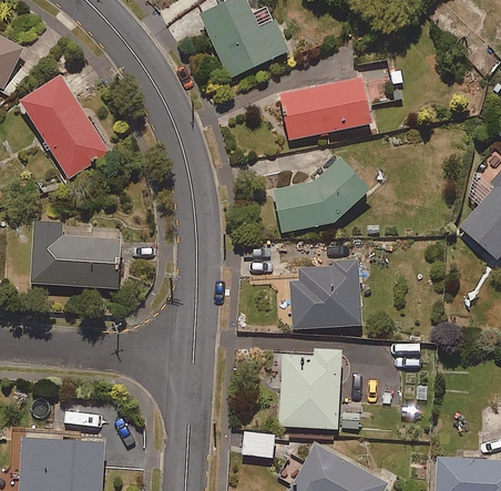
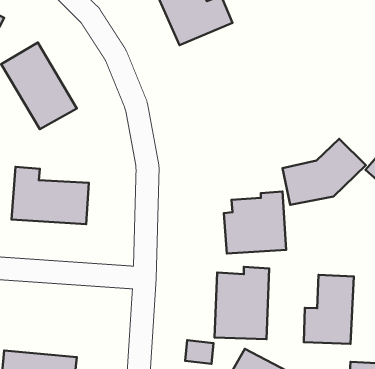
building: [274,78,364,142] -> none
building: [272,152,369,229] -> [283,139,366,205]
building: none -> [304,275,354,344]

